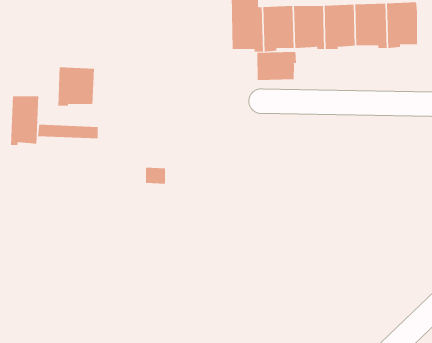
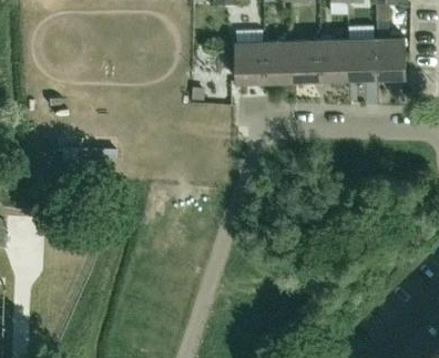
building: [257,51,297,81] -> none
building: [58,66,94,107] -> none
building: [11,96,39,146] -> none

